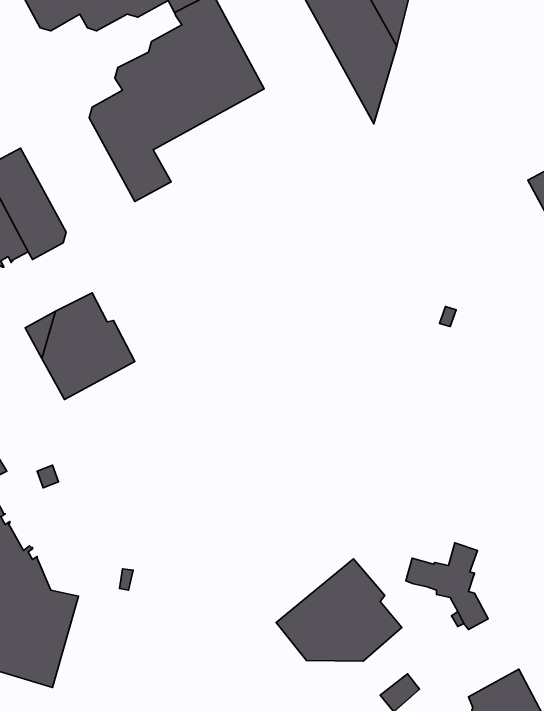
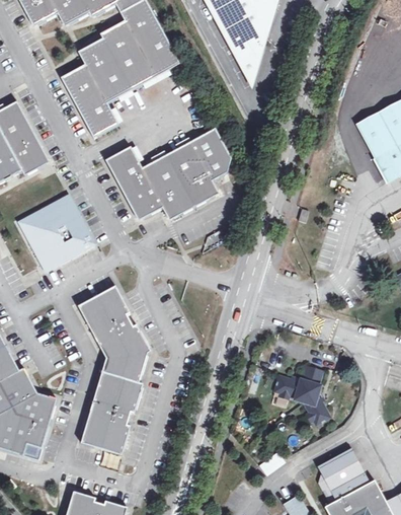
building: none -> [105,129,231,218]
building: none -> [78,287,149,454]
building: [276,559,402,661] -> none

